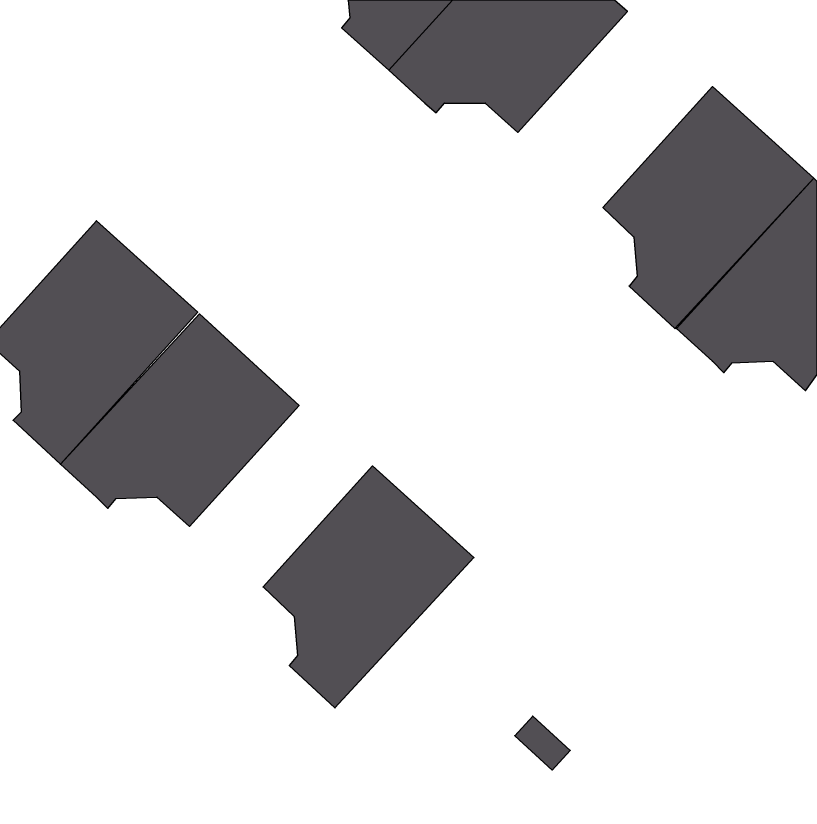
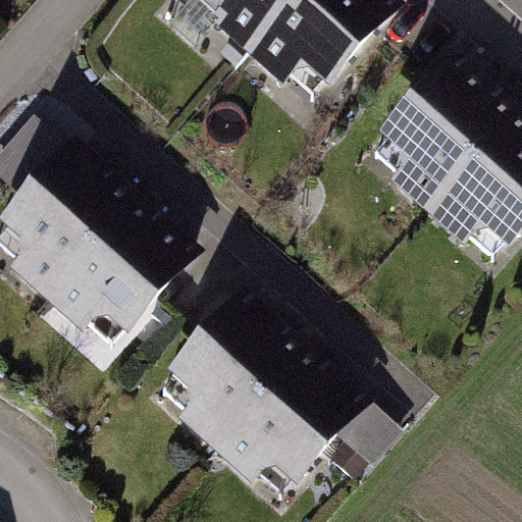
building: none -> [210,355,389,487]

